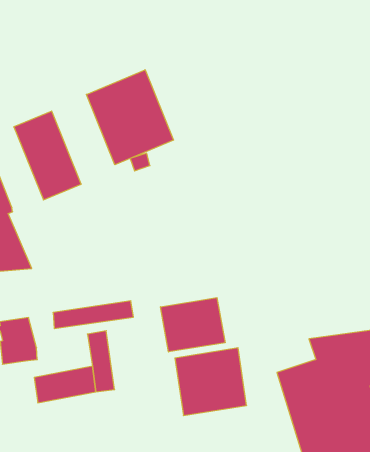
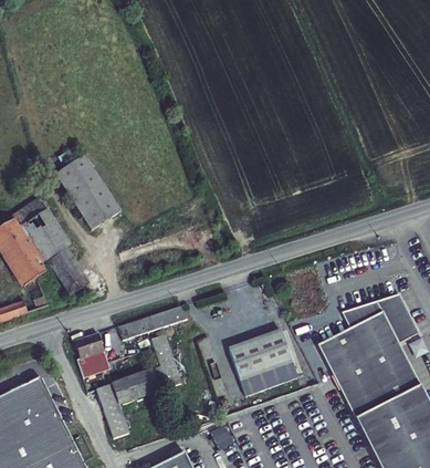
building: [86,70,174,165] -> none
building: [161,298,225,352] -> none
building: none -> [97,384,129,438]

